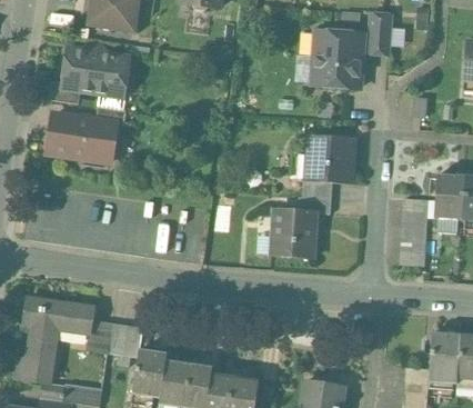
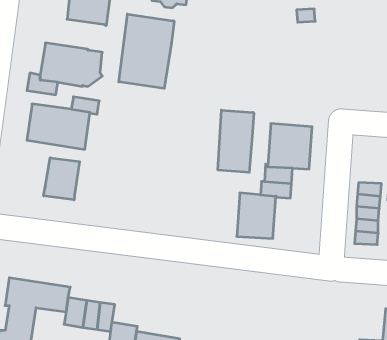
building: [368,12,391,53] -> none
building: none -> [119,14,174,88]
building: [312,30,363,87] -> none
building: none -> [218,110,254,172]
building: none -> [44,158,80,200]

